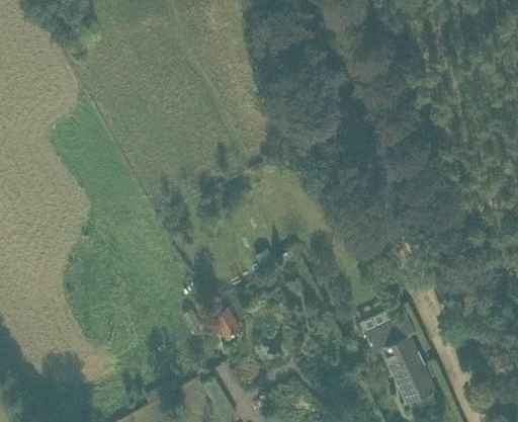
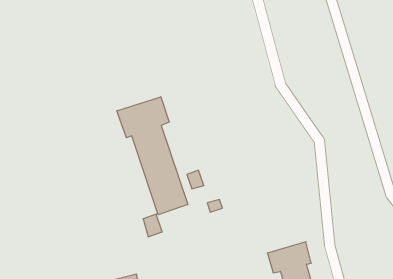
building: none -> [117,97,188,215]

